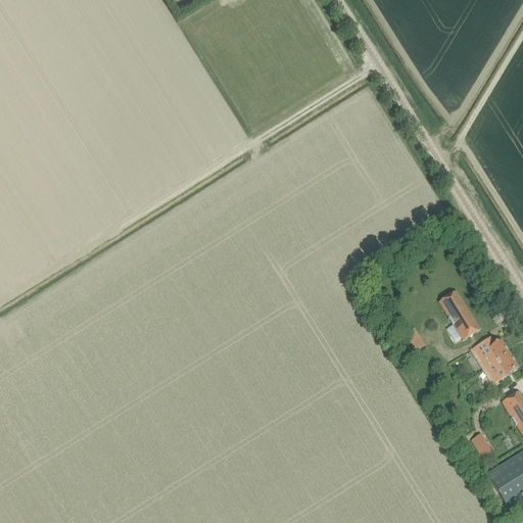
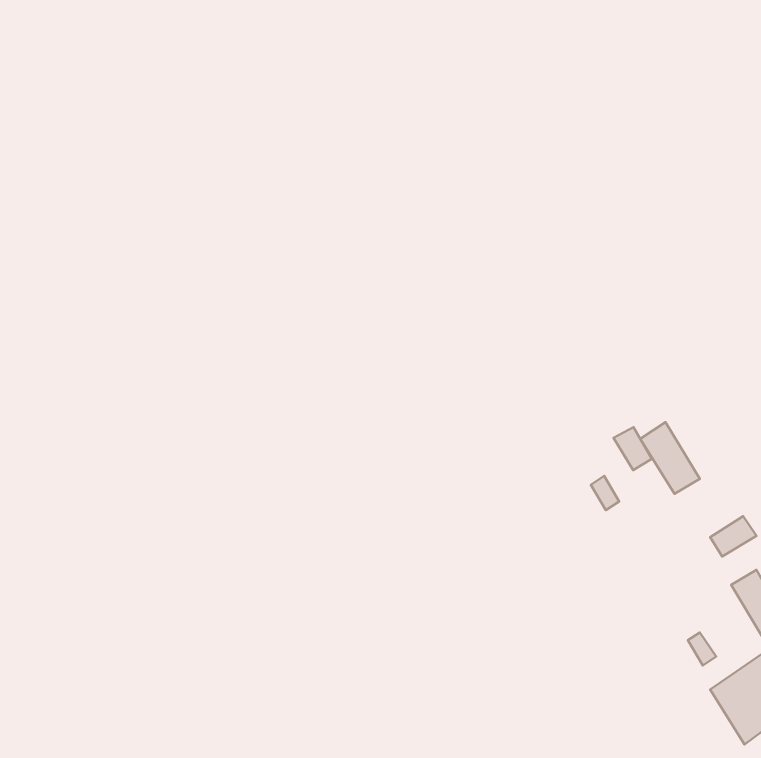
building: none -> [613,427,652,470]
building: [474,335,510,368] -> none

